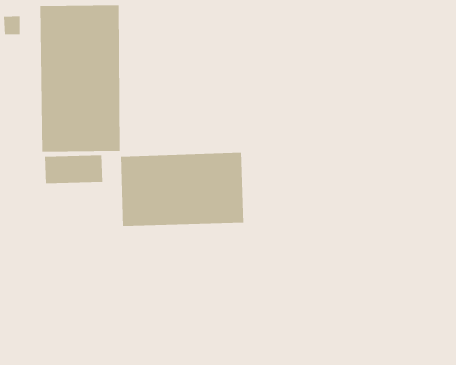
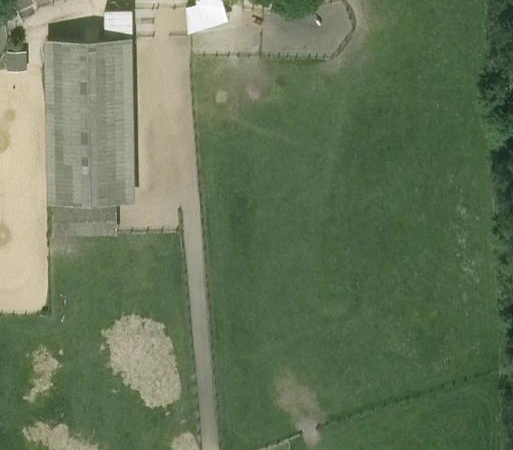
building: [120,152,244,227] -> none

